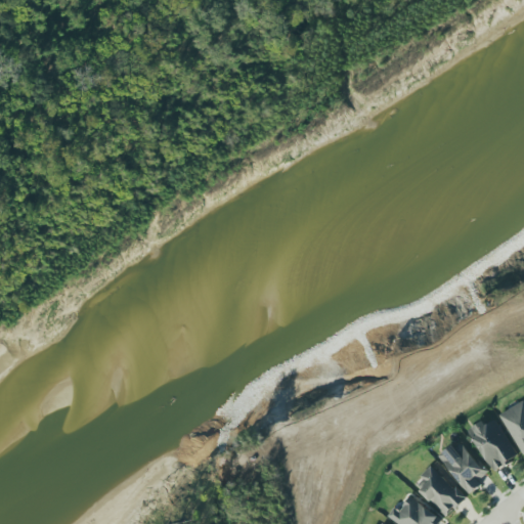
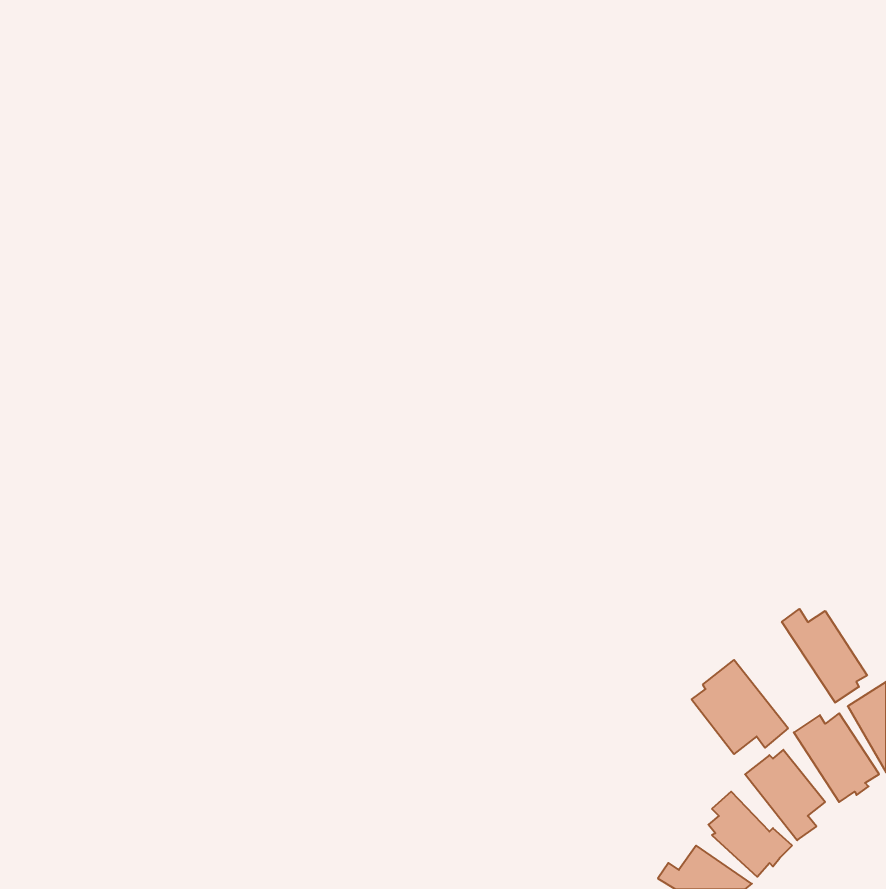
building: none -> [782,609,867,703]
building: none -> [692,660,788,754]

